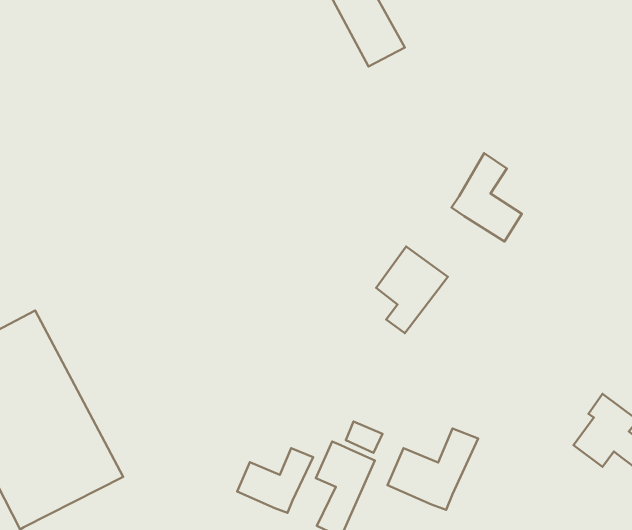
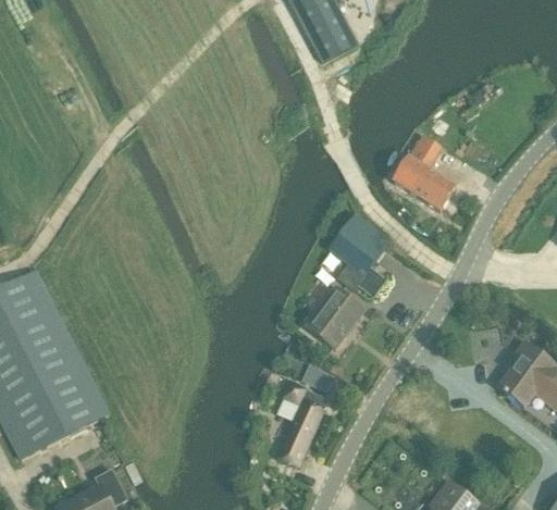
building: none -> [306,286,366,348]
building: [388,428,478,510] -> none
building: [237,448,313,513] -> none

